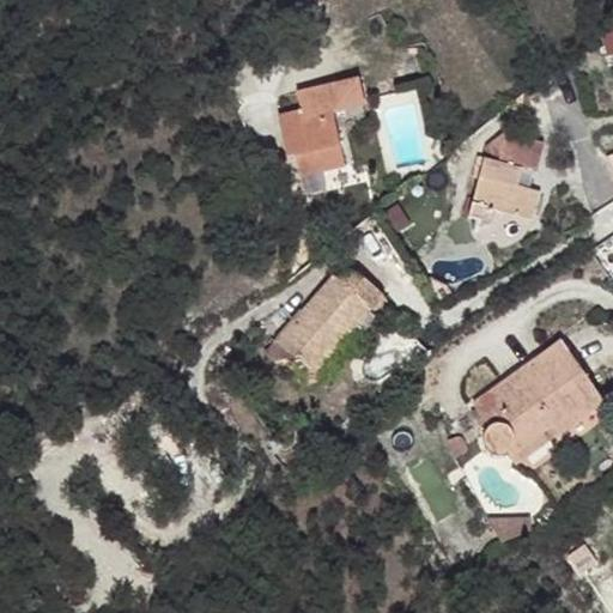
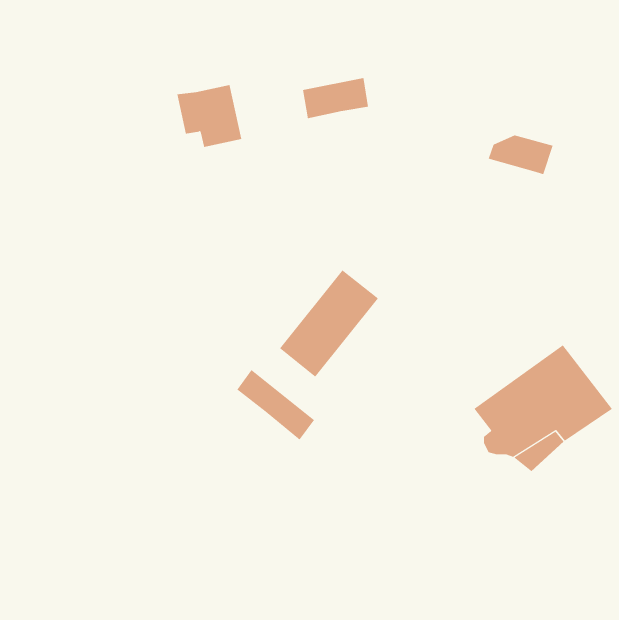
building: [284,110,348,172] -> [177,84,242,148]
building: [467,157,539,224] -> none
building: none -> [237,369,315,440]

